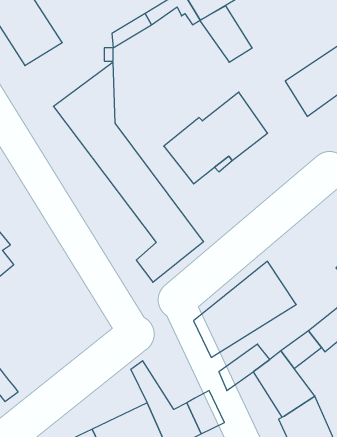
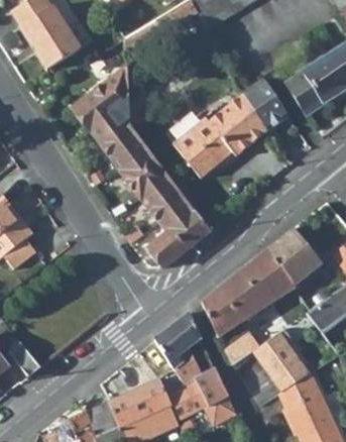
building: [200,6,252,62] -> [242,80,290,131]
building: none -> [268,228,323,288]
building: none -> [154,312,202,383]

